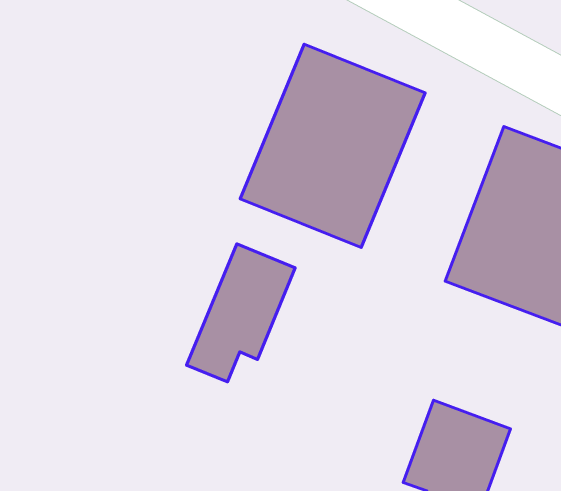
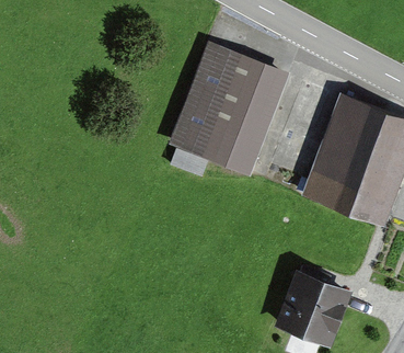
building: [187,244,295,382] -> none

